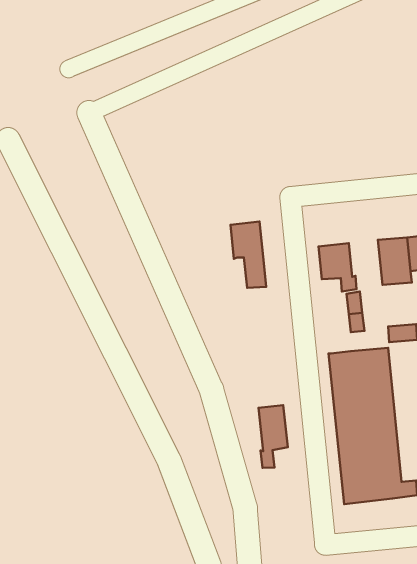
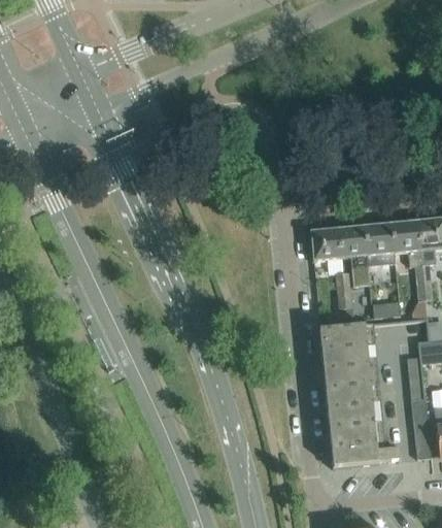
building: [230,222,266,288] -> [338,224,371,285]
building: [258,405,288,468] -> none

